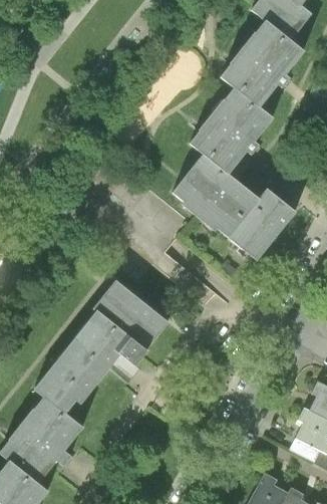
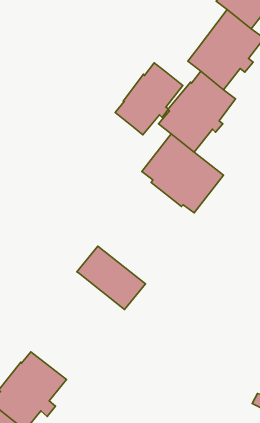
building: none -> [115,63,183,135]
building: [226,194,293,265] -> none
building: [37,307,149,410] -> none

